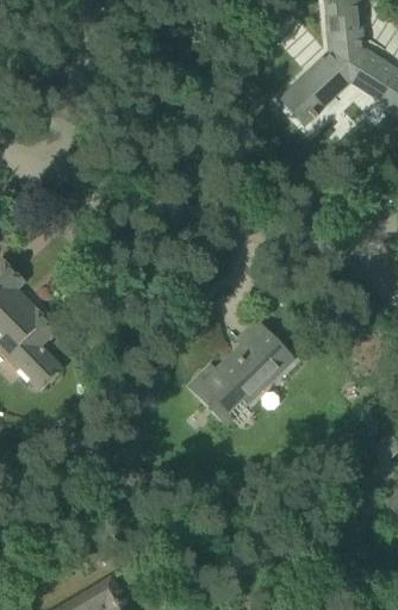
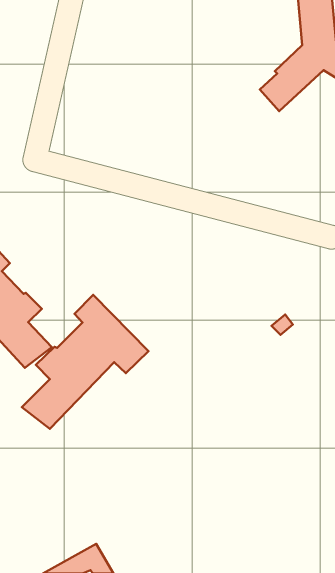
building: none -> [22,295,149,429]
building: [191,320,292,416] -> none

